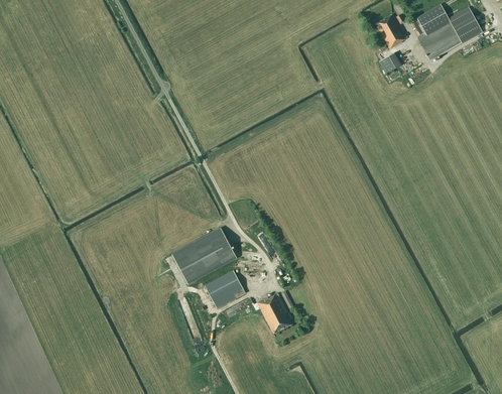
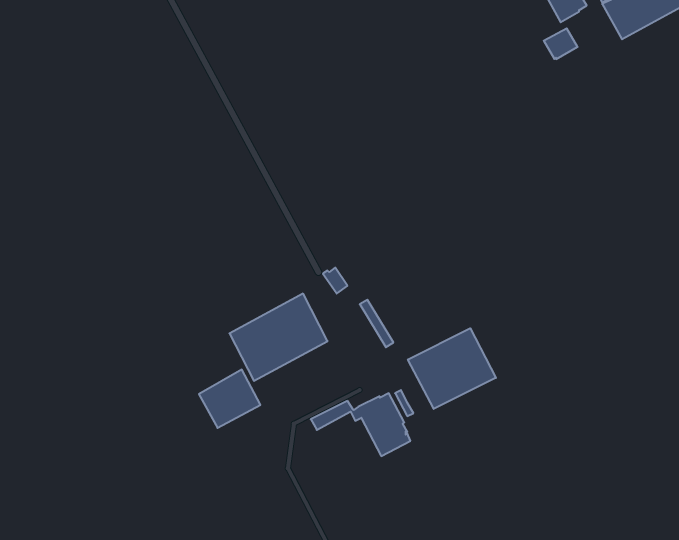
building: none -> [408,328,496,409]
building: [205,269,245,307] -> [199,370,260,428]

